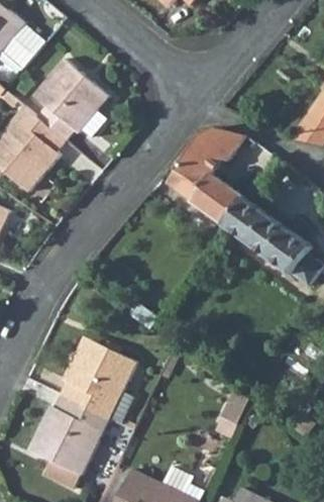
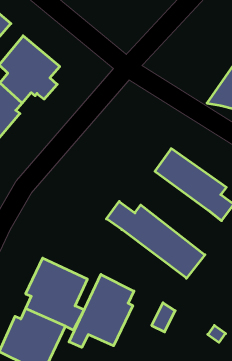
building: [167,127,246,226] -> none
building: none -> [106,201,205,278]
building: none -> [69,274,134,347]

